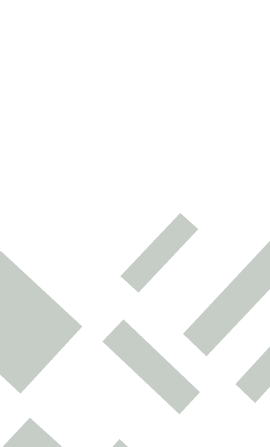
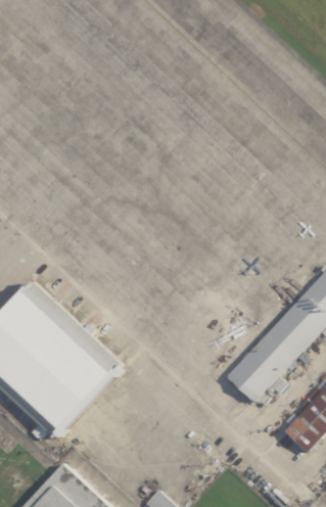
building: [120,212,199,293] -> none
building: [101,319,201,415] -> none

